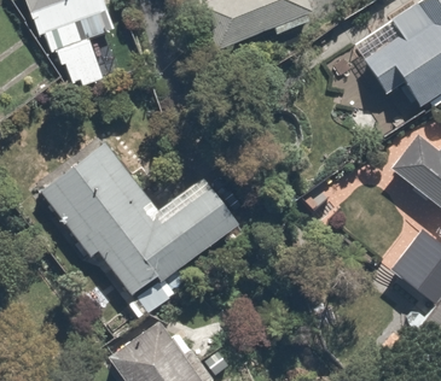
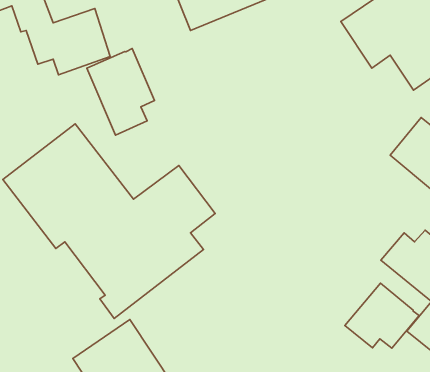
building: none -> [87,48,155,135]
building: none -> [345,283,419,348]

